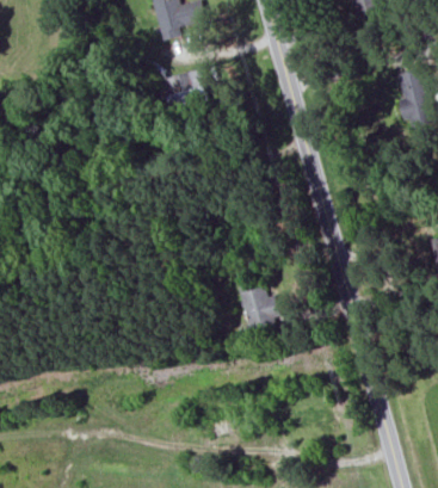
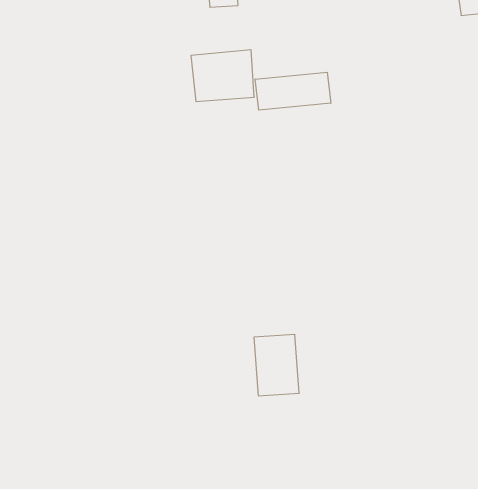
building: none -> [255,72,331,110]

